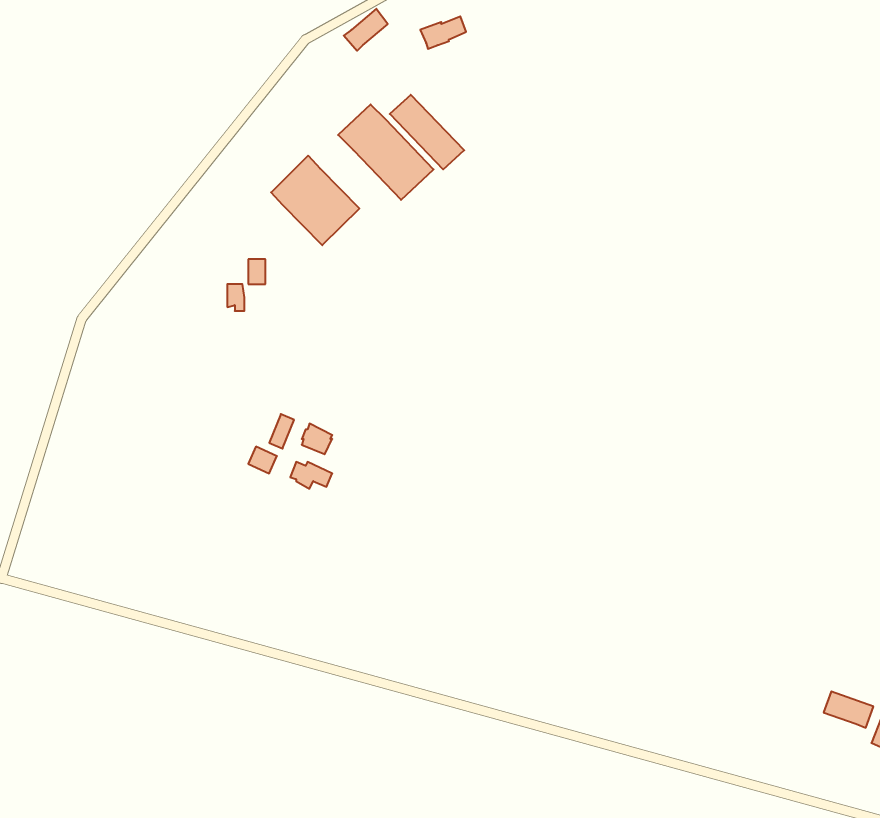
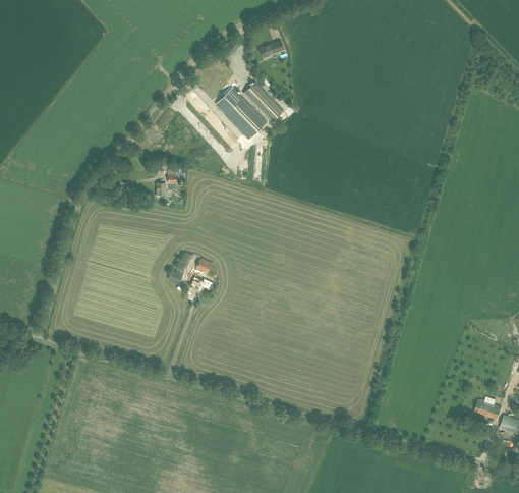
building: [271,156,359,245] -> none

